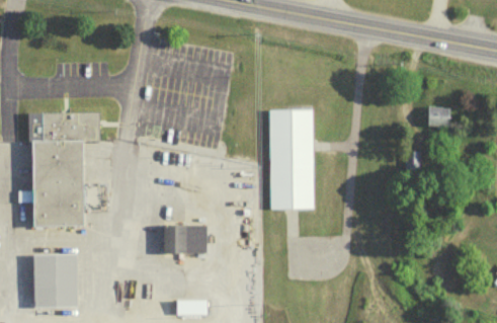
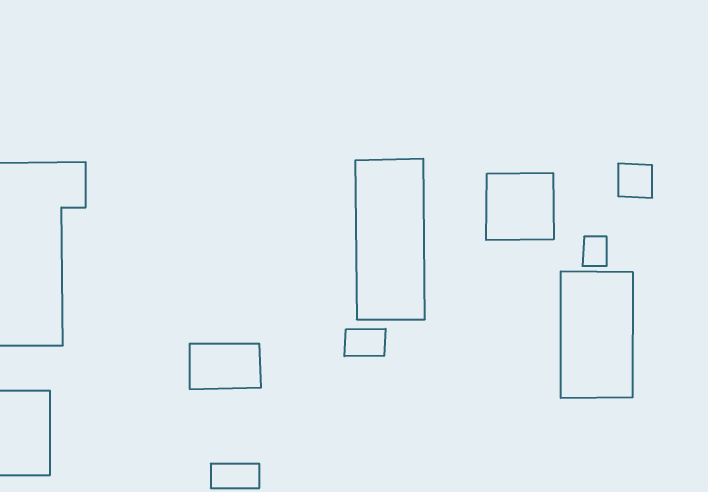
building: none -> [486,173,554,240]
building: none -> [561,271,633,398]
building: none -> [344,329,386,356]

